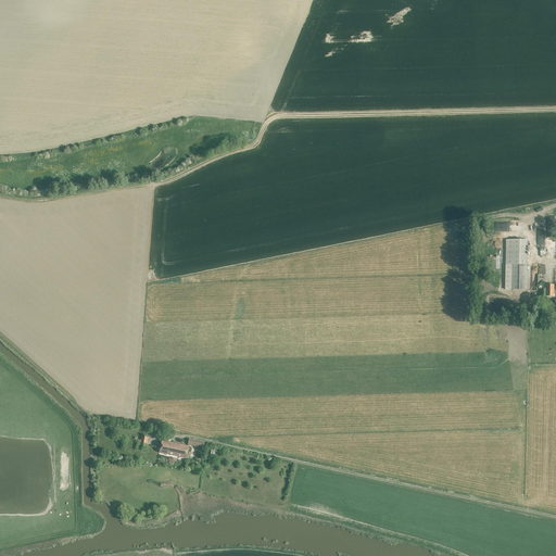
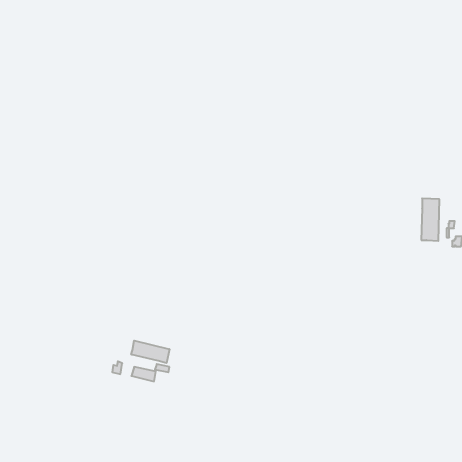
building: none -> [131,341,169,363]

